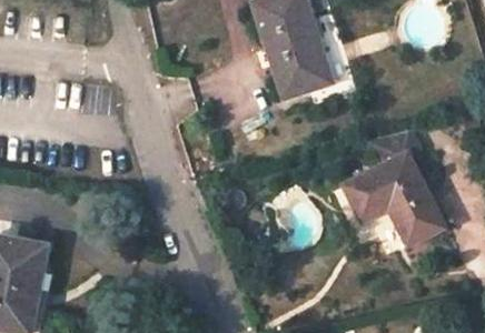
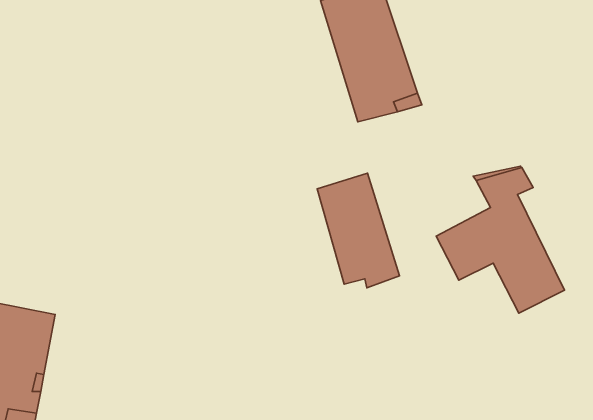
building: none -> [317,173,399,288]

